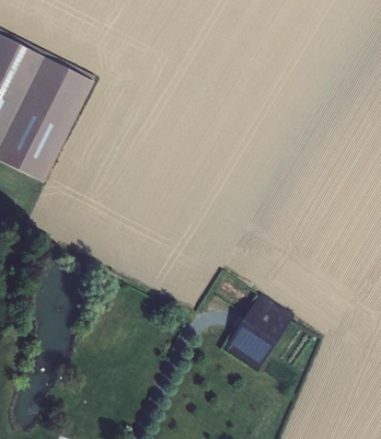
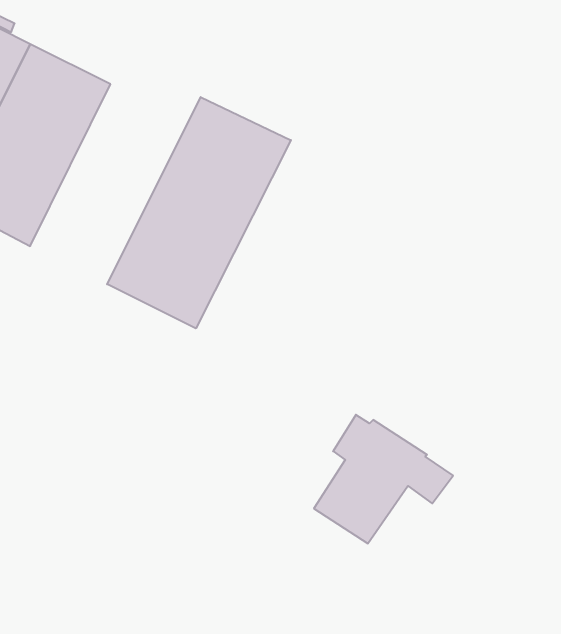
building: none -> [107,97,291,328]

